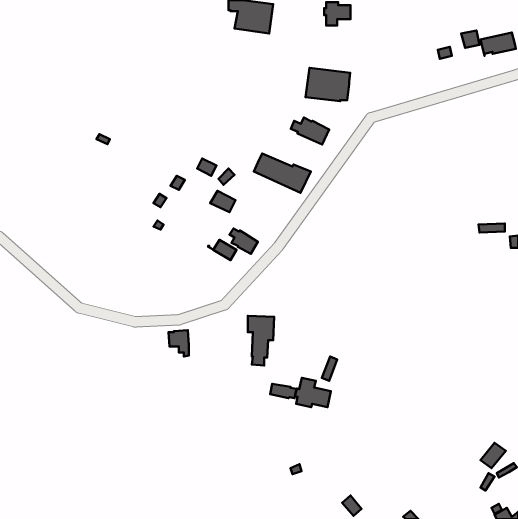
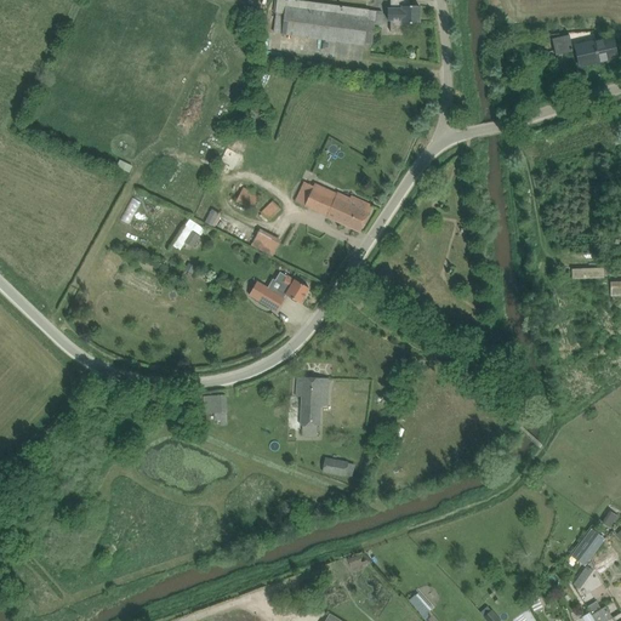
building: [306,68,350,101] -> [321,5,375,45]
building: [291,117,329,145] -> none
building: [295,378,331,407] -> none

